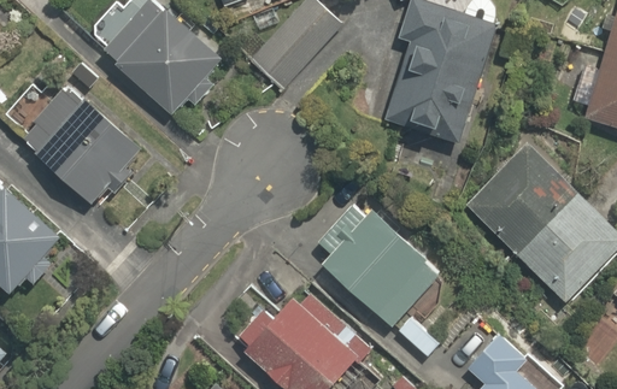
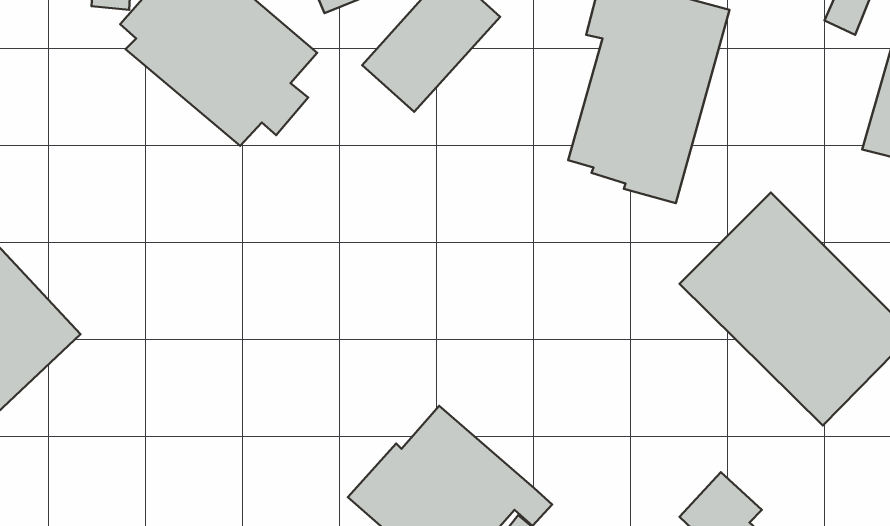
building: [18,84,140,204] -> none
building: [319,201,448,359] -> none

